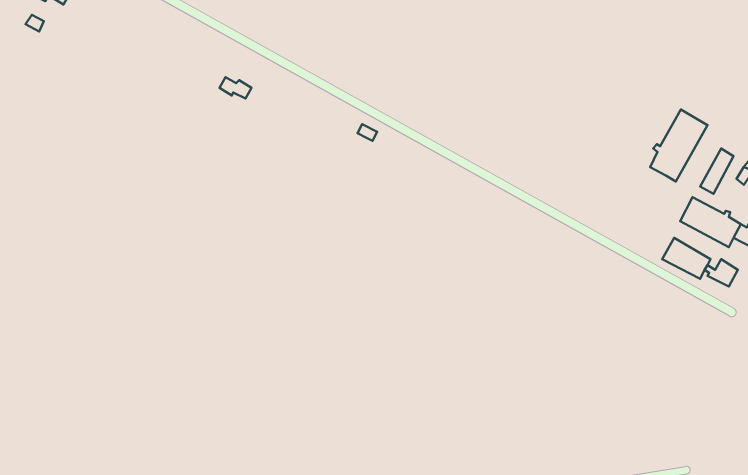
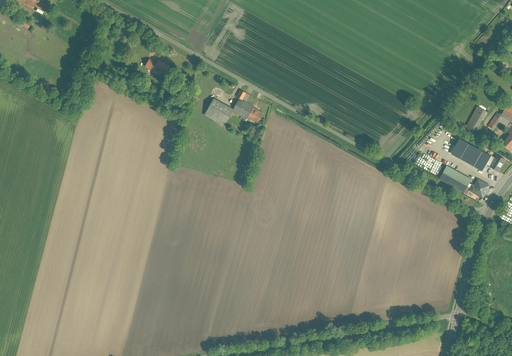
building: [650,109,707,181] -> none
building: none -> [205,98,263,126]

